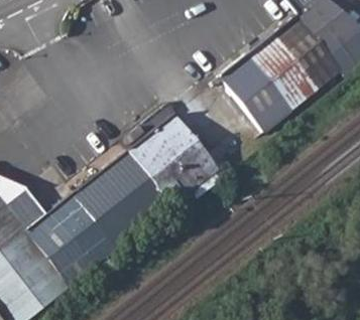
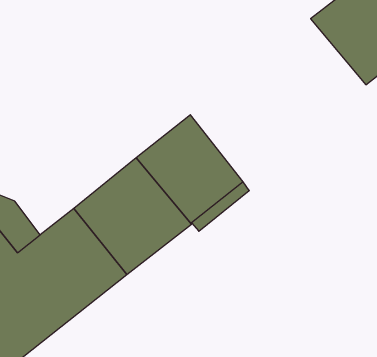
building: [218,33,319,132] -> none

